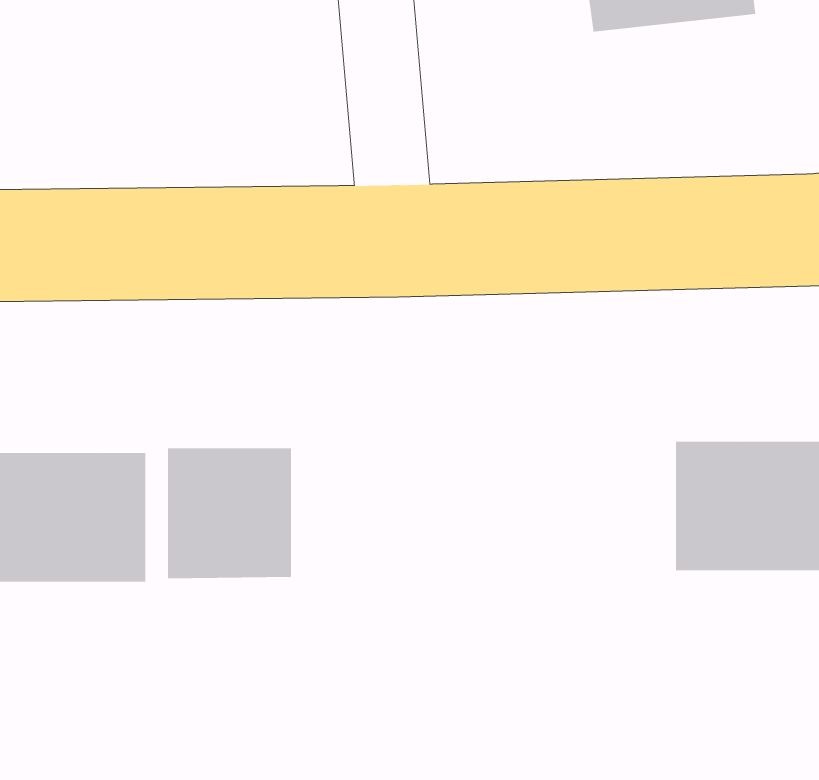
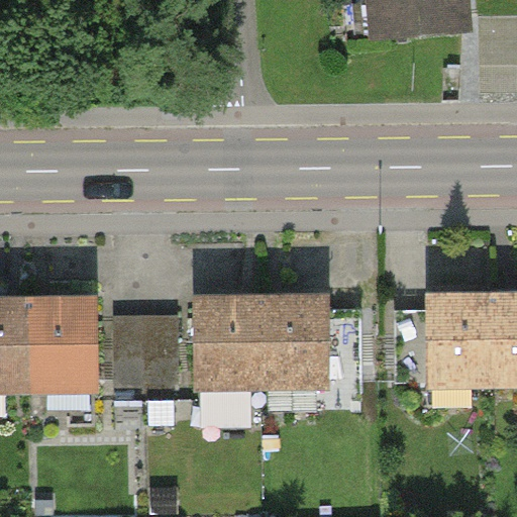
building: none -> [194,302,330,385]

